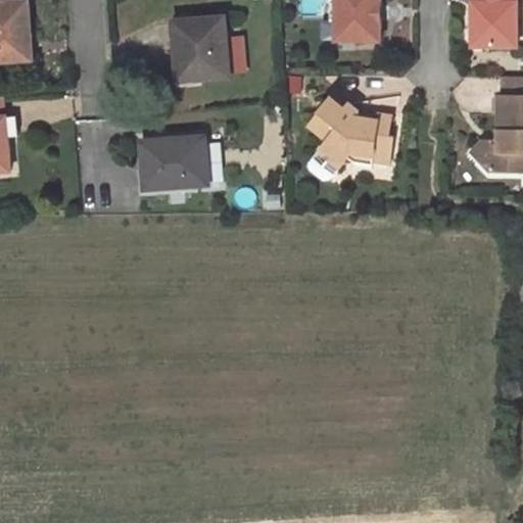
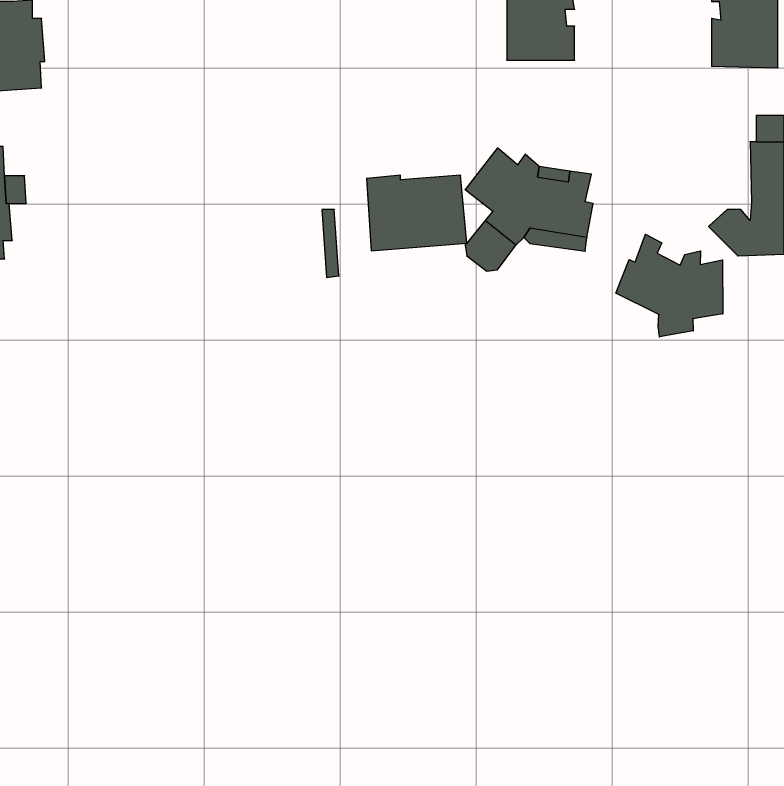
building: [174,16,228,80] -> none
building: [142,138,208,188] -> [367,175,467,251]
building: none -> [616,234,723,337]

